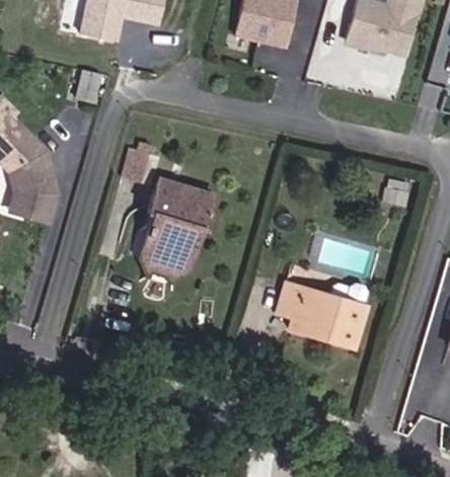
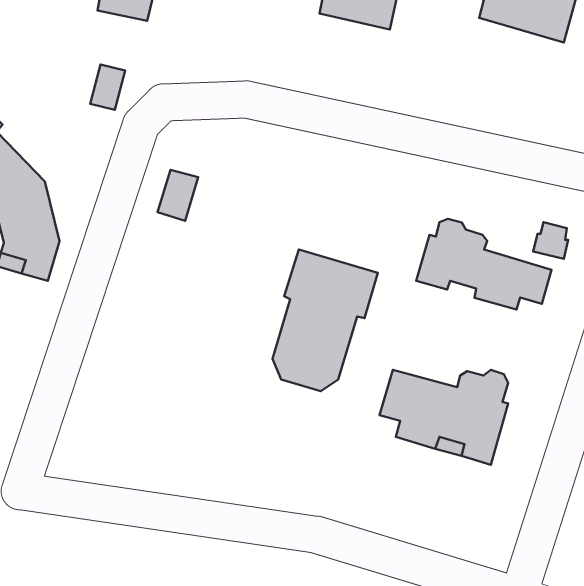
building: none -> [416,219,552,310]
building: [141,179,214,277] -> [273,249,378,391]

